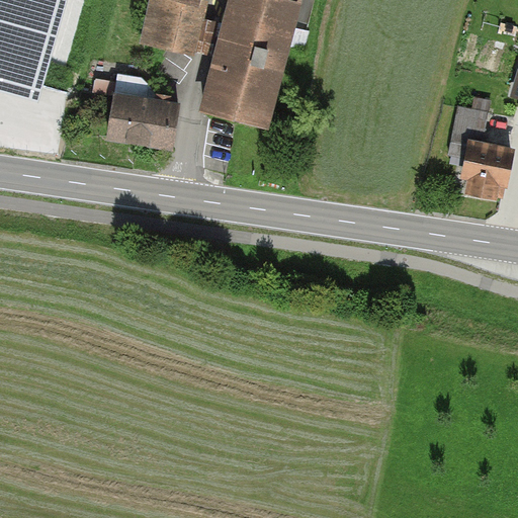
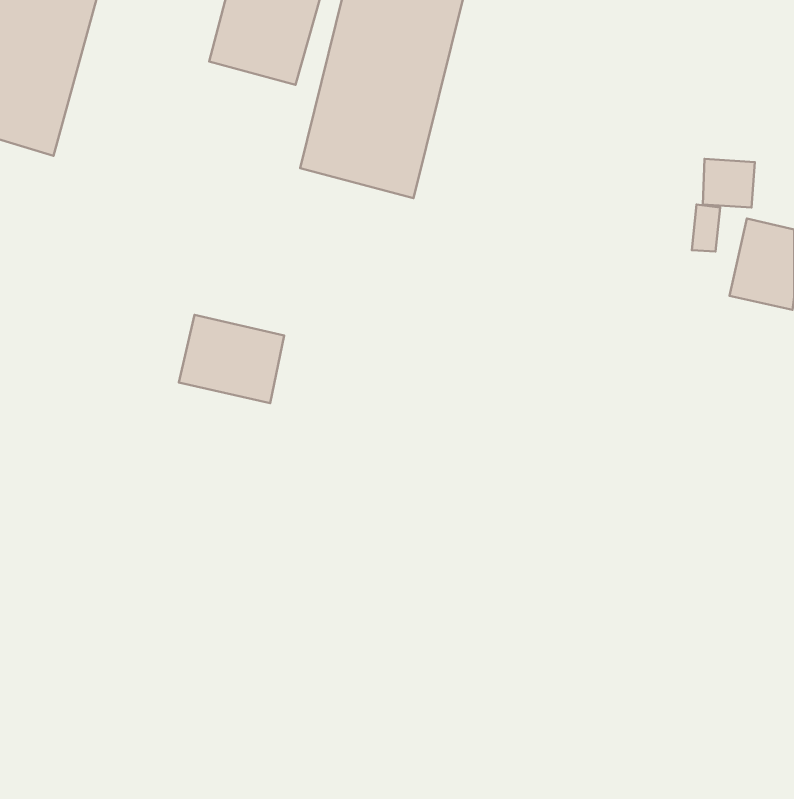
building: [113,90,181,147] -> [179,315,284,403]

